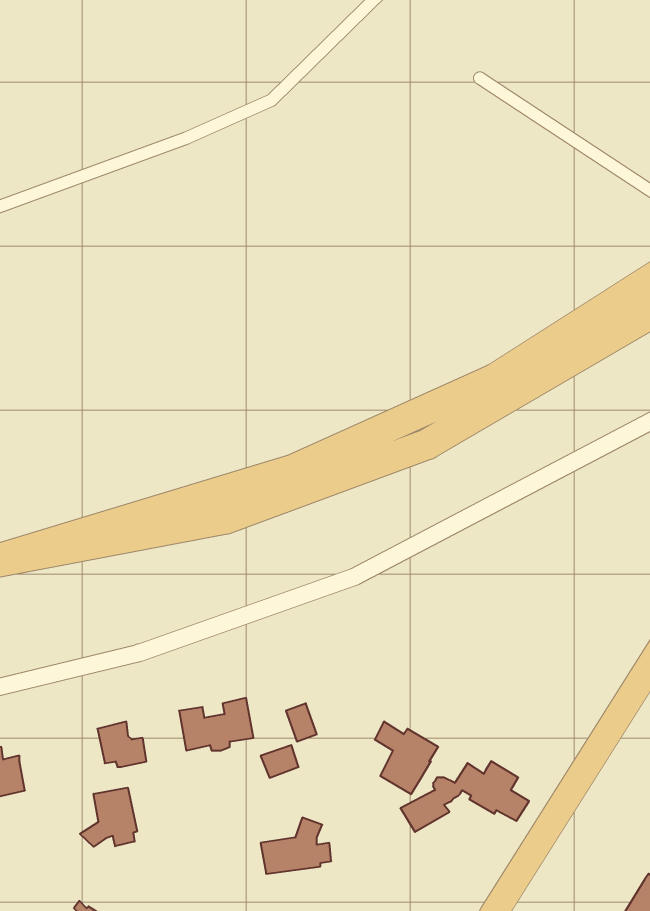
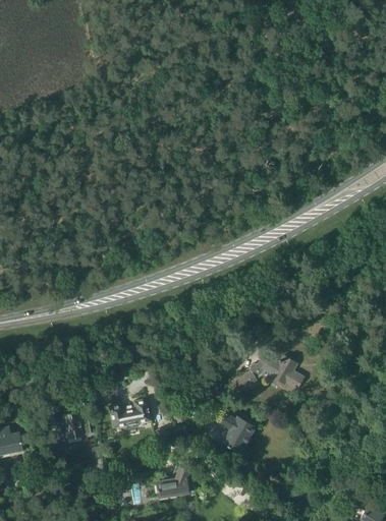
building: [400,761,529,832] -> [231,356,304,396]
building: [80,788,137,847] -> none

